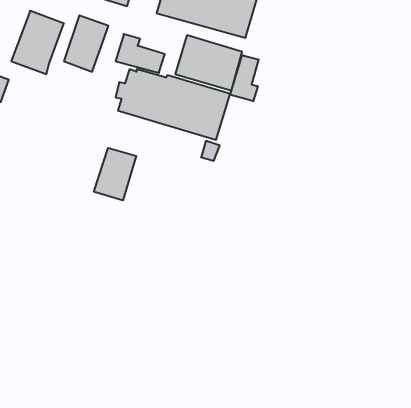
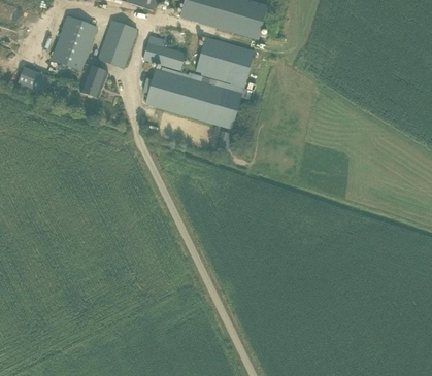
building: [230,55,259,101] -> none
building: none -> [79,62,106,98]
building: [94,148,136,200] -> none

